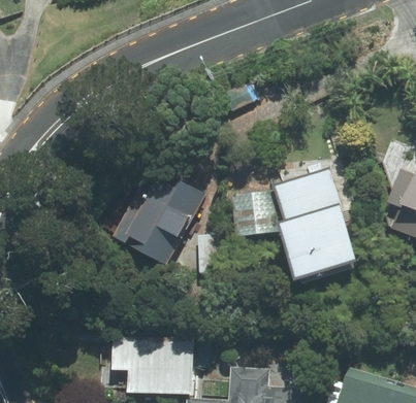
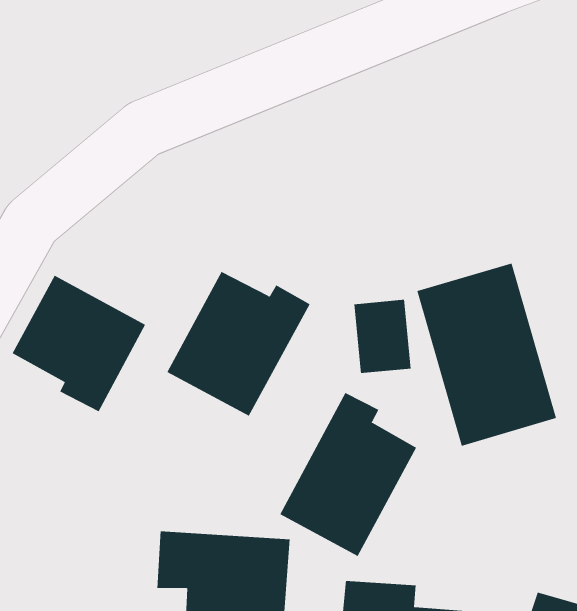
building: none -> [12,275,146,412]
building: none -> [280,392,417,557]

